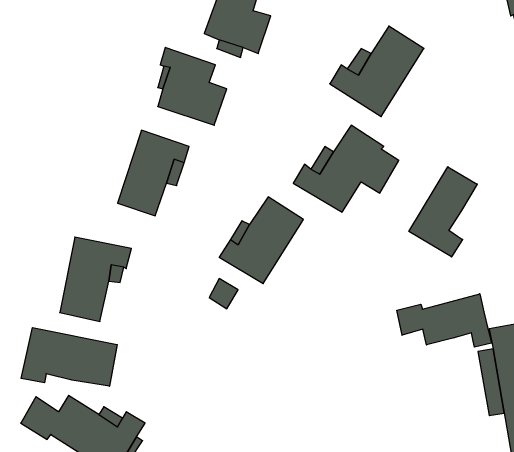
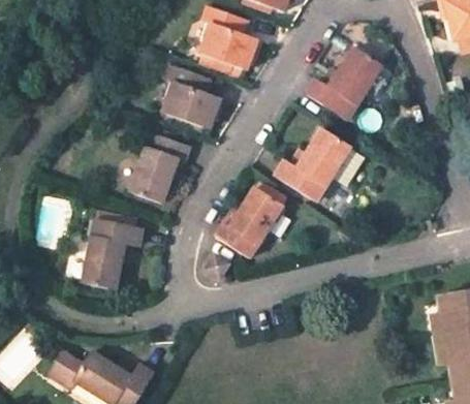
building: [409,167,477,257] -> none
building: [397,294,492,347] -> none
building: [21,328,117,386] -> none

